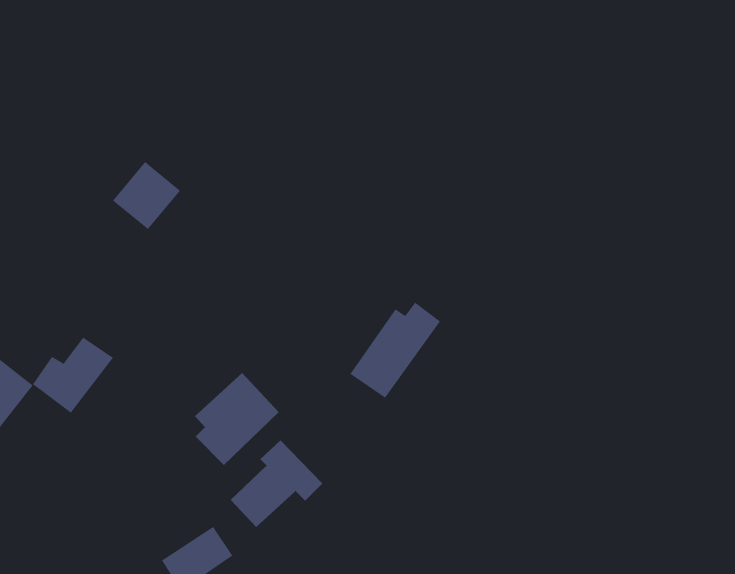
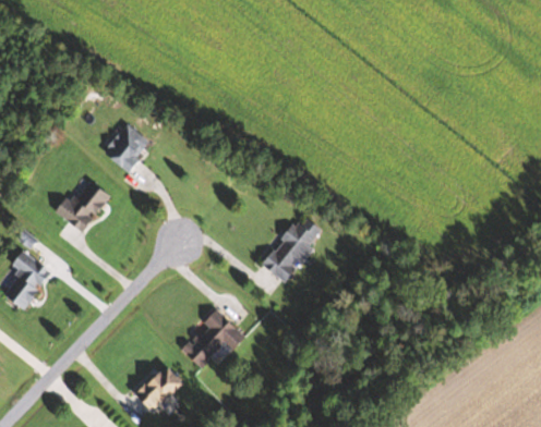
building: [32,337,114,414] -> [56,181,110,232]
building: [194,372,280,466] -> none

